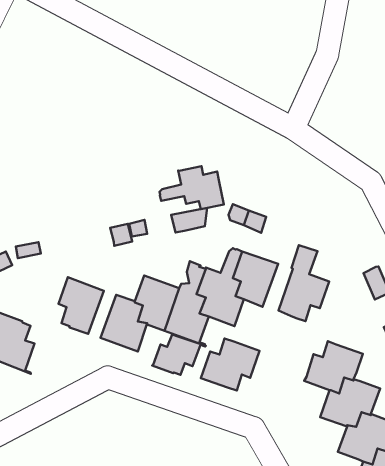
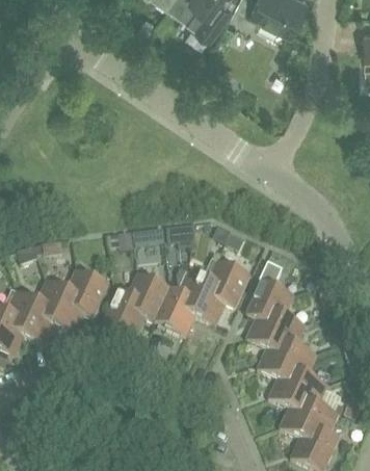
building: [160,166,224,209] -> none
building: none -> [42,284,79,332]
building: [152,334,206,375] -> none
building: [201,338,259,391] -> [252,311,300,354]

